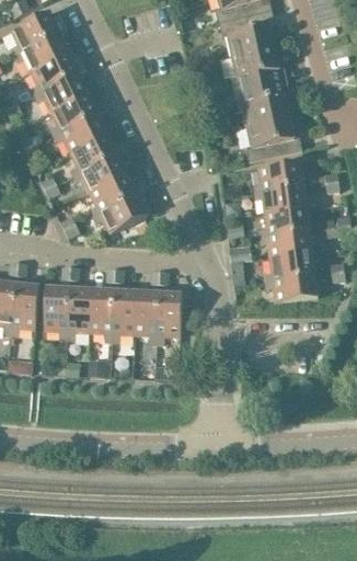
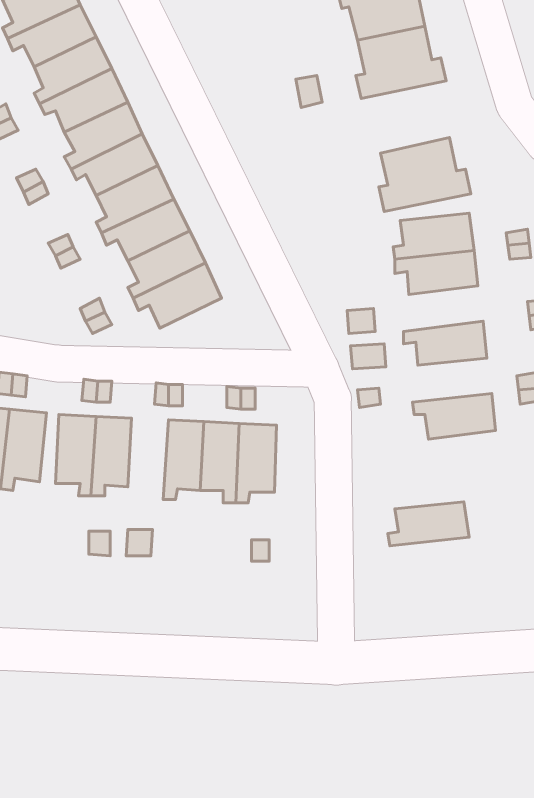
building: [232,79,287,124] -> none
building: [257,206,308,234] -> none
building: [263,251,313,278] -> [388,502,469,546]
building: [88,288,113,339] -> none

